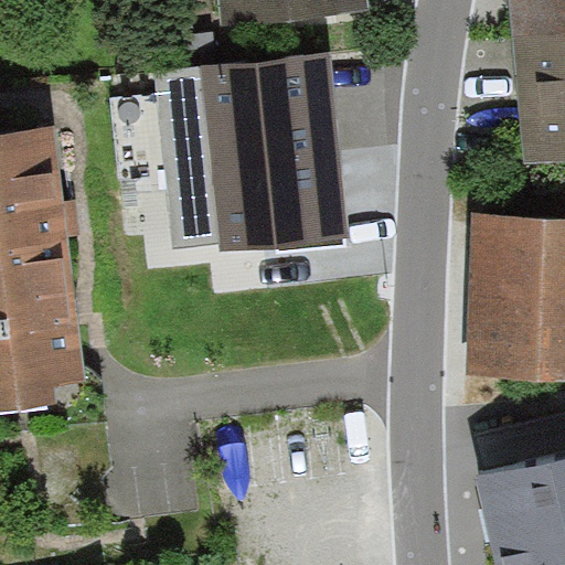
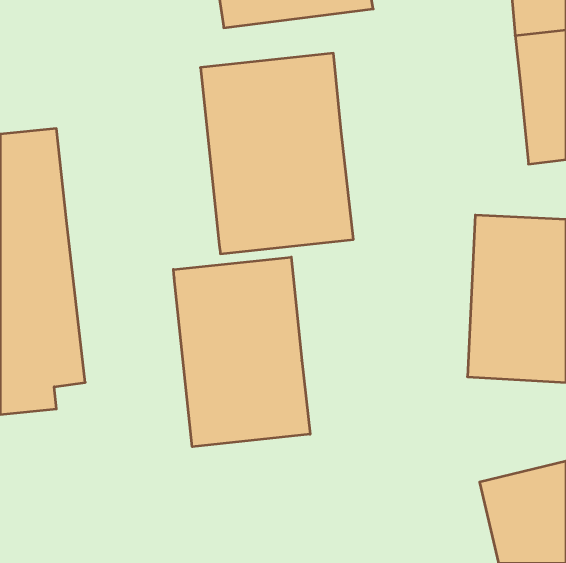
building: [154,67,218,248] -> none
building: none -> [173,257,310,447]

